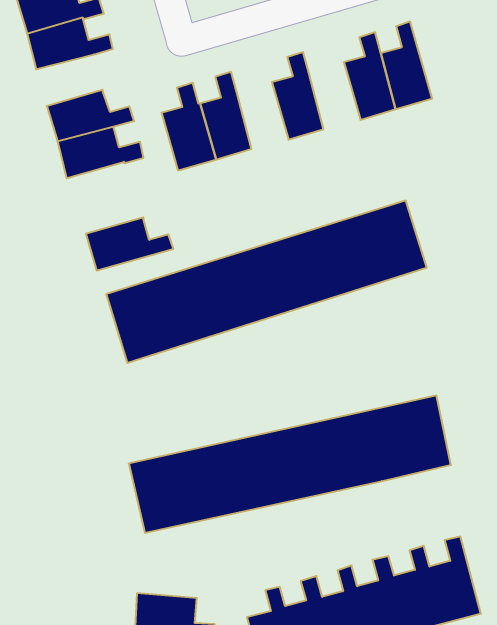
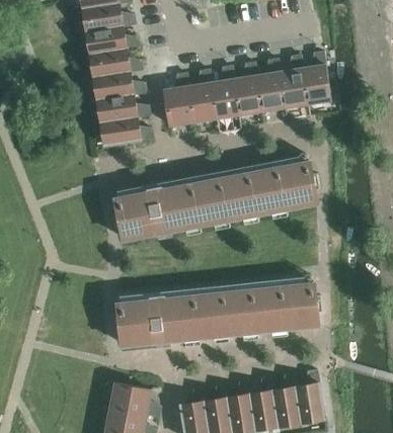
building: none -> [256,60,285,111]
building: none -> [89,50,142,78]
building: none -> [211,67,239,118]
building: [86,217,173,271] -> [100,117,153,147]

